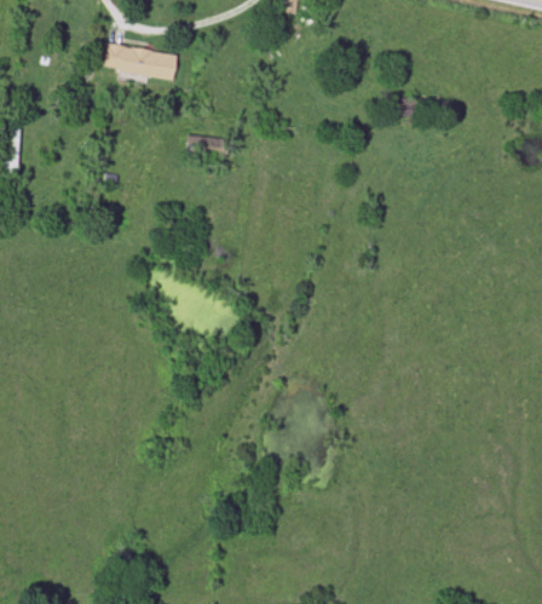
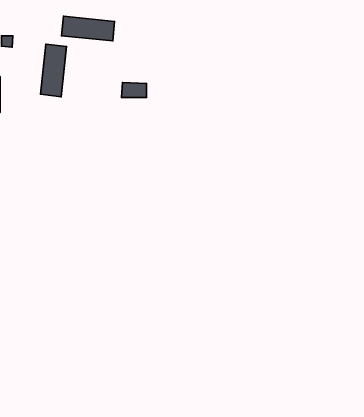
building: none -> [40,44,66,97]

